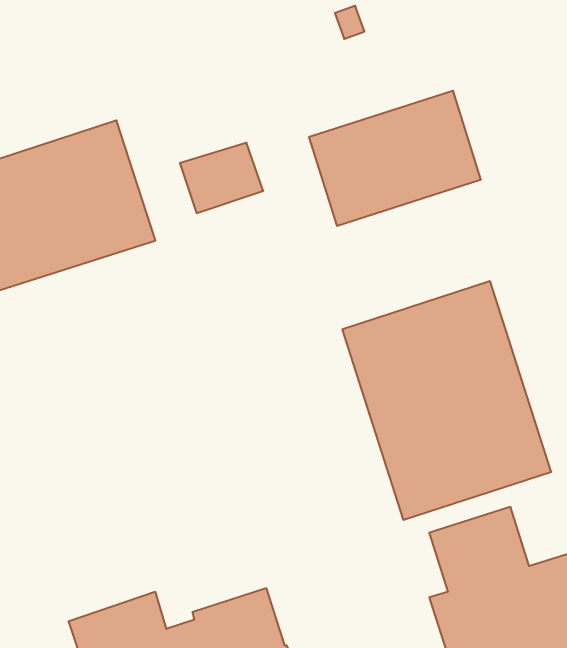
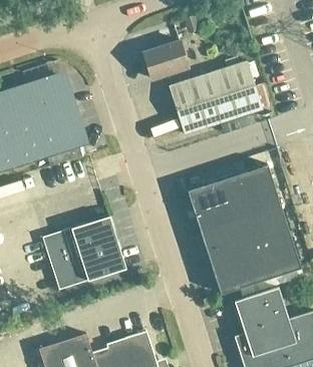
building: [180,143,263,213] -> [143,41,189,79]
building: none -> [43,216,126,291]

